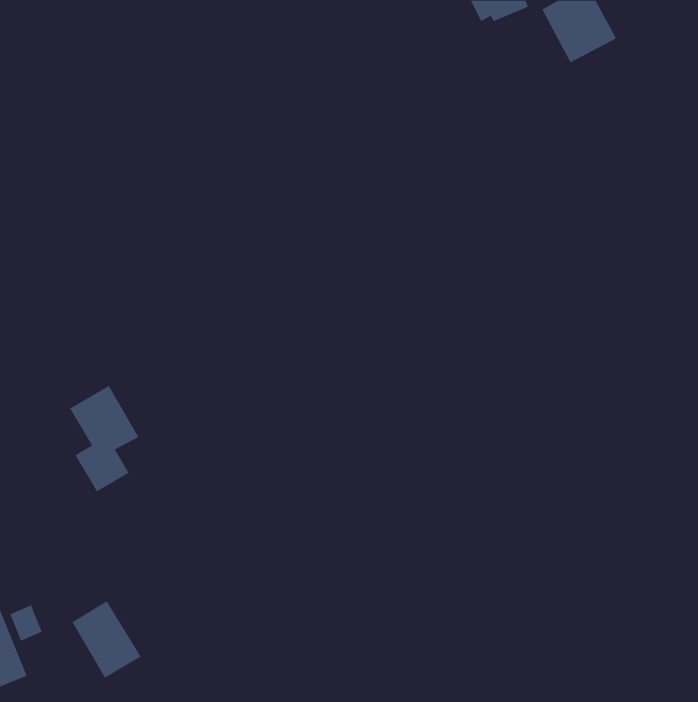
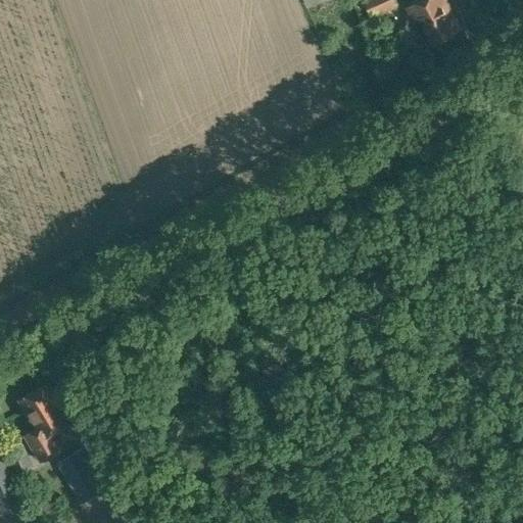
building: [69,385,139,492] -> [16,382,68,462]

